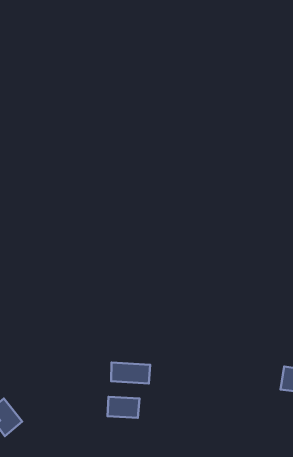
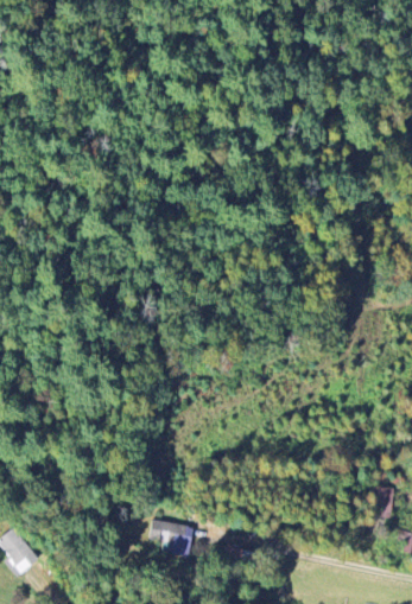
building: [111,362,150,383] -> none

